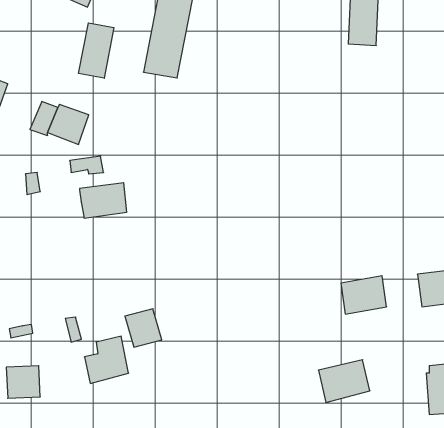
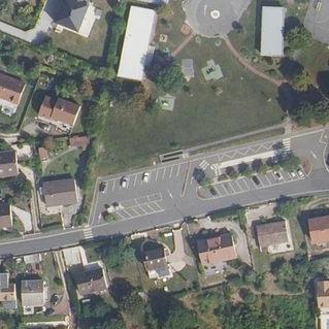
building: [79,23,114,78] -> none
building: [80,183,127,218] -> [39,179,72,204]
building: [125,309,162,347] -> [143,248,169,274]
building: [318,360,370,403] -> [198,231,234,261]

